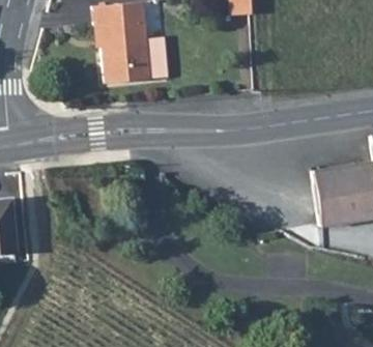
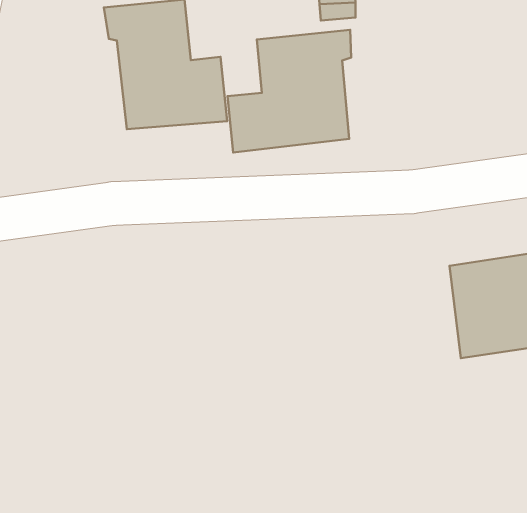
building: none -> [227,30,351,153]

